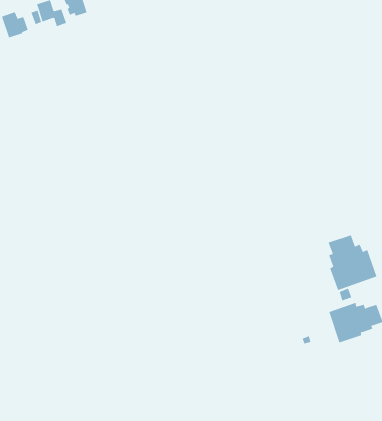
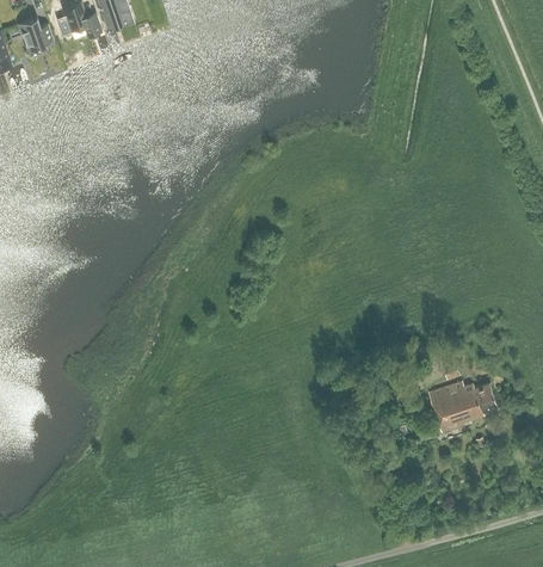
building: [328,235,377,291] -> none

